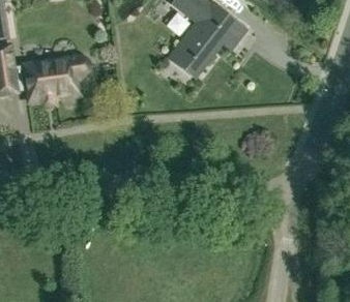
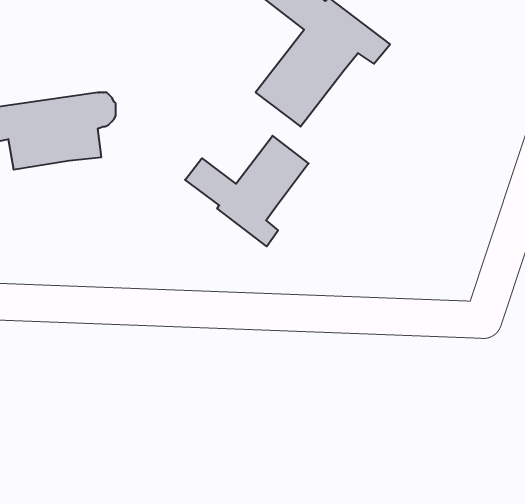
building: none -> [185,136,309,246]

